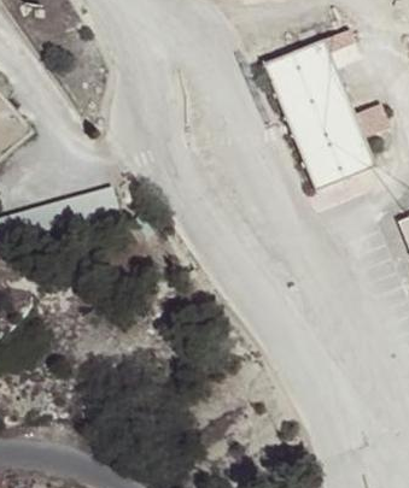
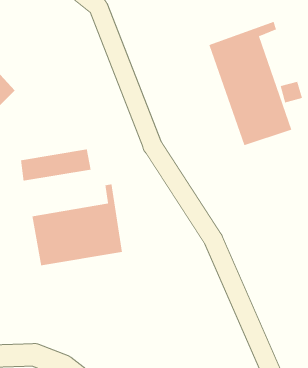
building: none -> [32,183,123,266]

